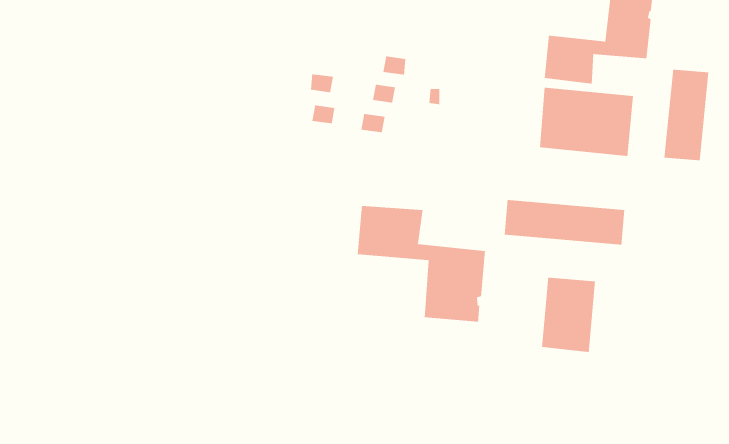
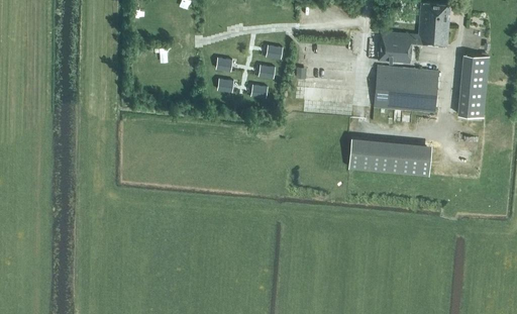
building: [357,205,485,322] -> none
building: [542,277,595,353] -> none

